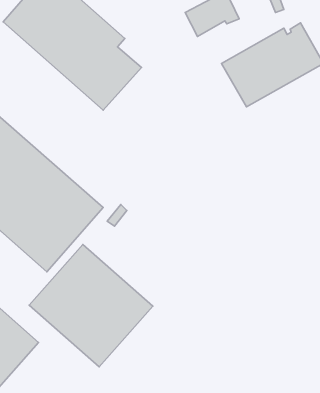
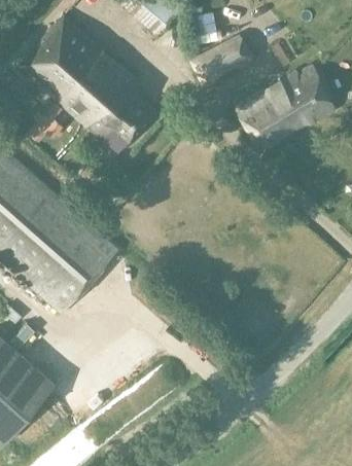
building: [29,244,153,367] -> none

